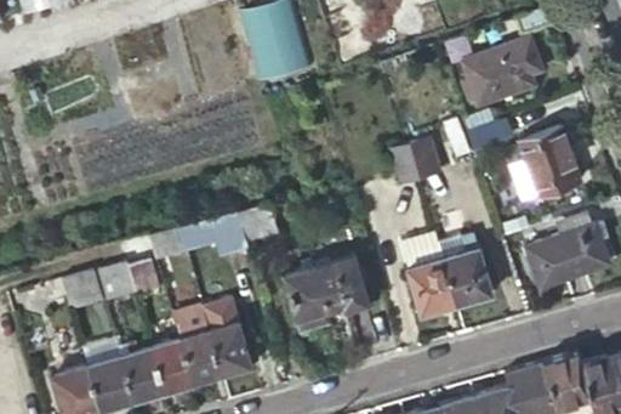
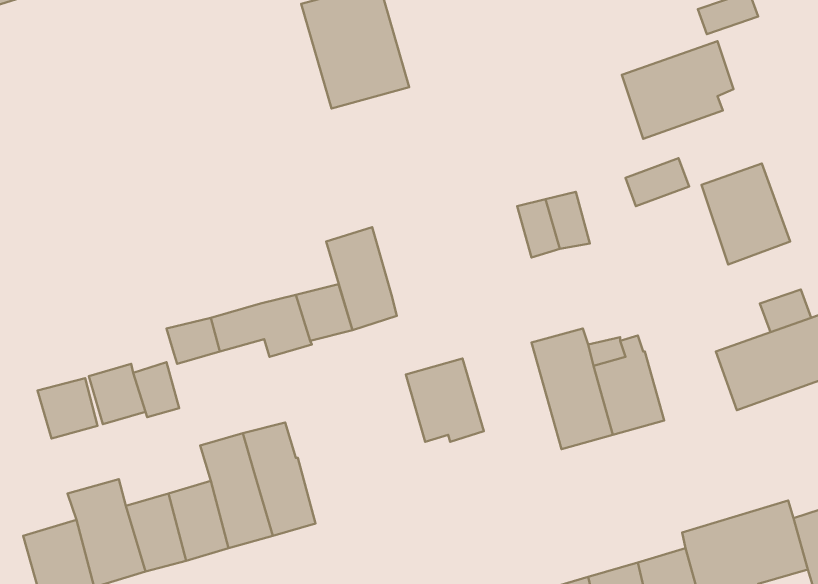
building: [281,266,330,336] -> [326,227,397,330]

